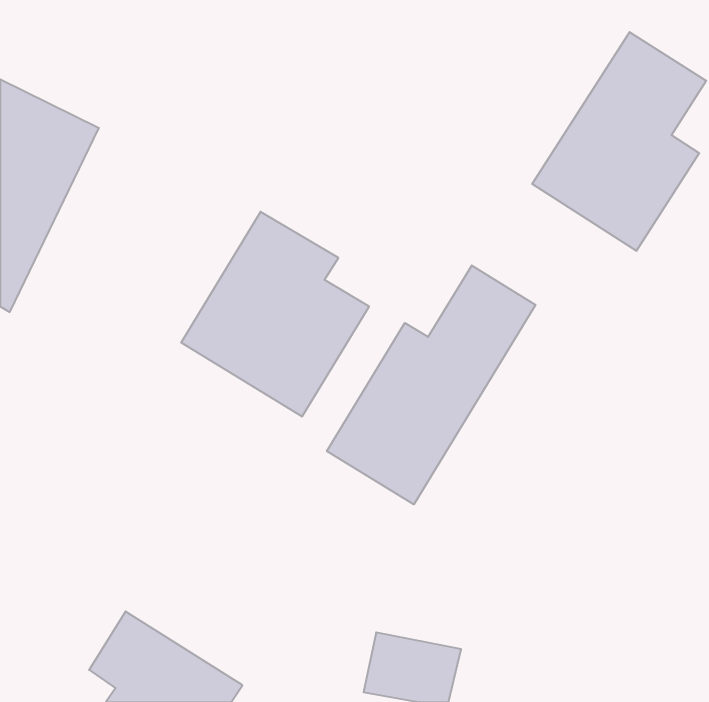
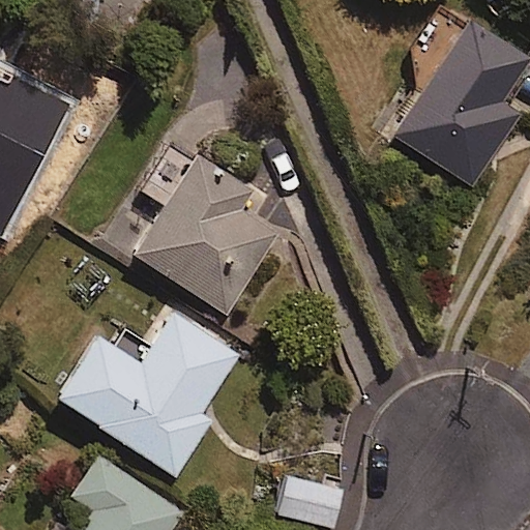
building: [327,265,535,504] -> none
building: none -> [54,310,237,477]

